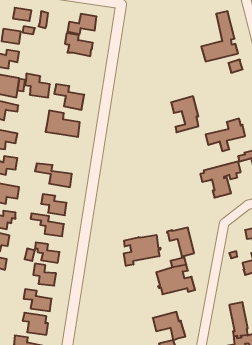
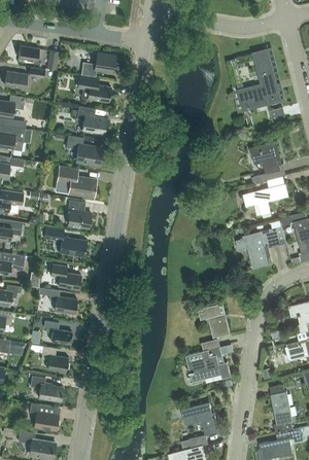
building: [24,74,50,97] -> [75,106,105,134]
building: [171,96,198,132] -> [249,141,281,183]
building: none -> [67,201,90,228]
building: [124,235,160,266] -> none

